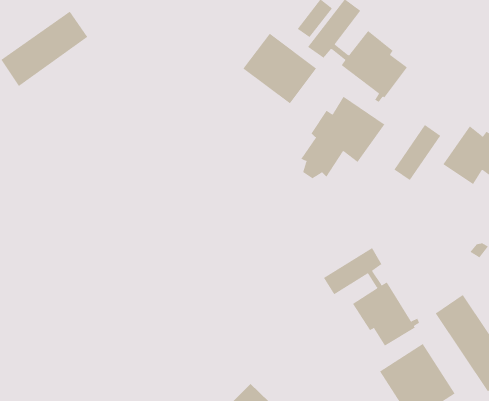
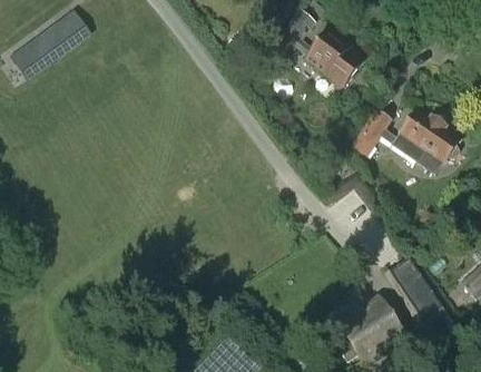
building: [243,33,317,104] -> none
building: [300,96,385,179] -> none
building: [323,247,420,346] -> none

